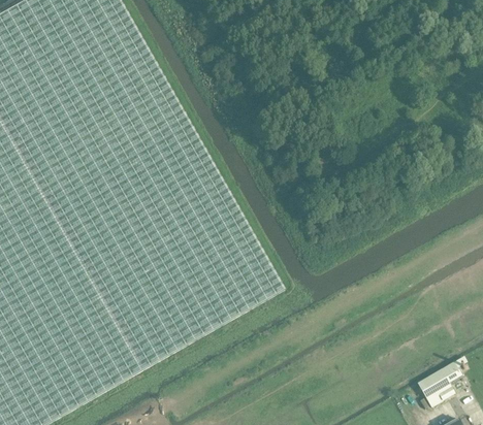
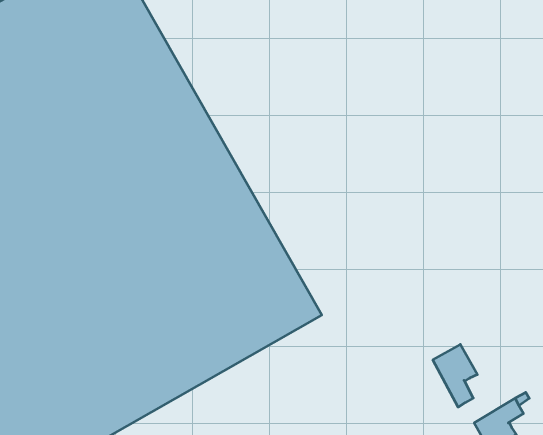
building: none -> [433,344,477,407]

